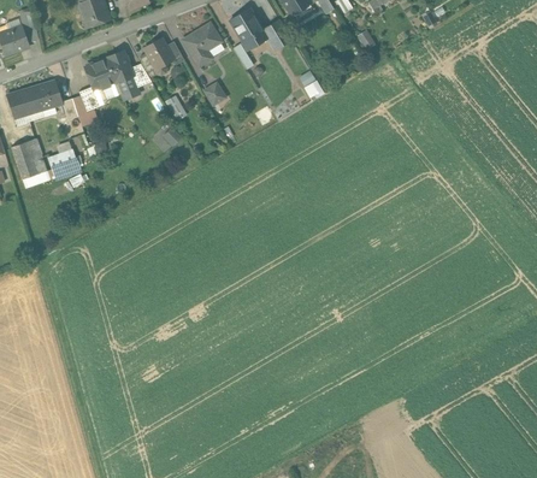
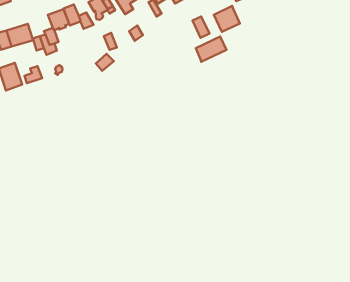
building: none -> [214,6,240,32]
building: none -> [196,37,227,62]

